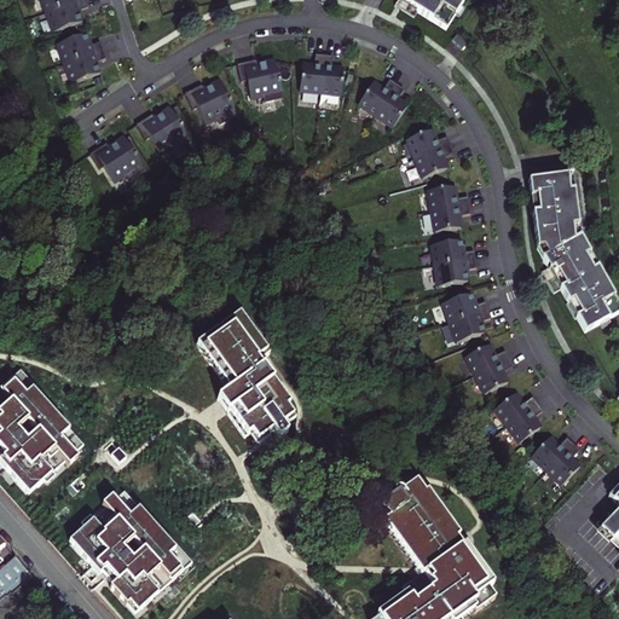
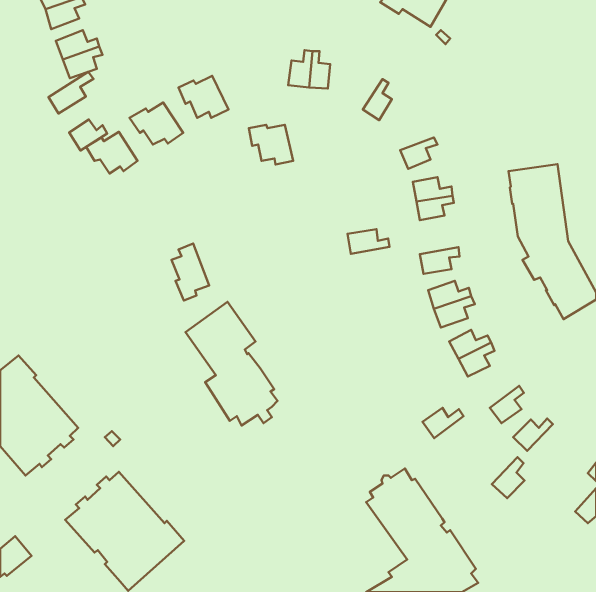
building: [237,58,283,99] -> [249,125,293,164]
building: none -> [48,72,93,113]
building: [358,77,397,114] -> none
building: none -> [69,120,107,151]
building: [407,128,450,156] -> none
building: [432,238,475,264] -> [347,229,389,254]
building: none -> [171,244,209,300]
building: [496,392,538,423] -> [423,408,463,438]
building: [546,440,580,482] -> [492,457,525,498]

